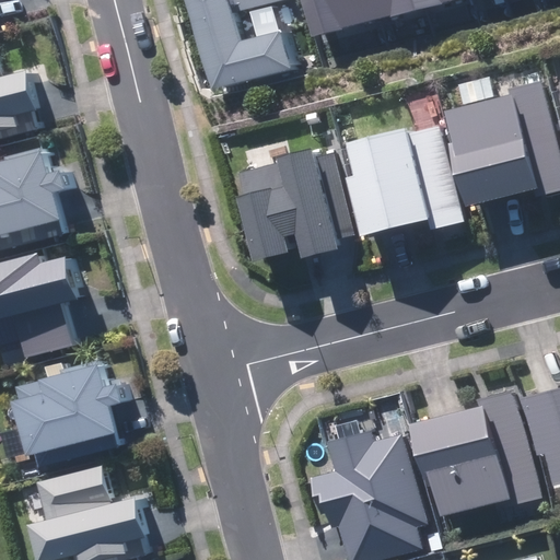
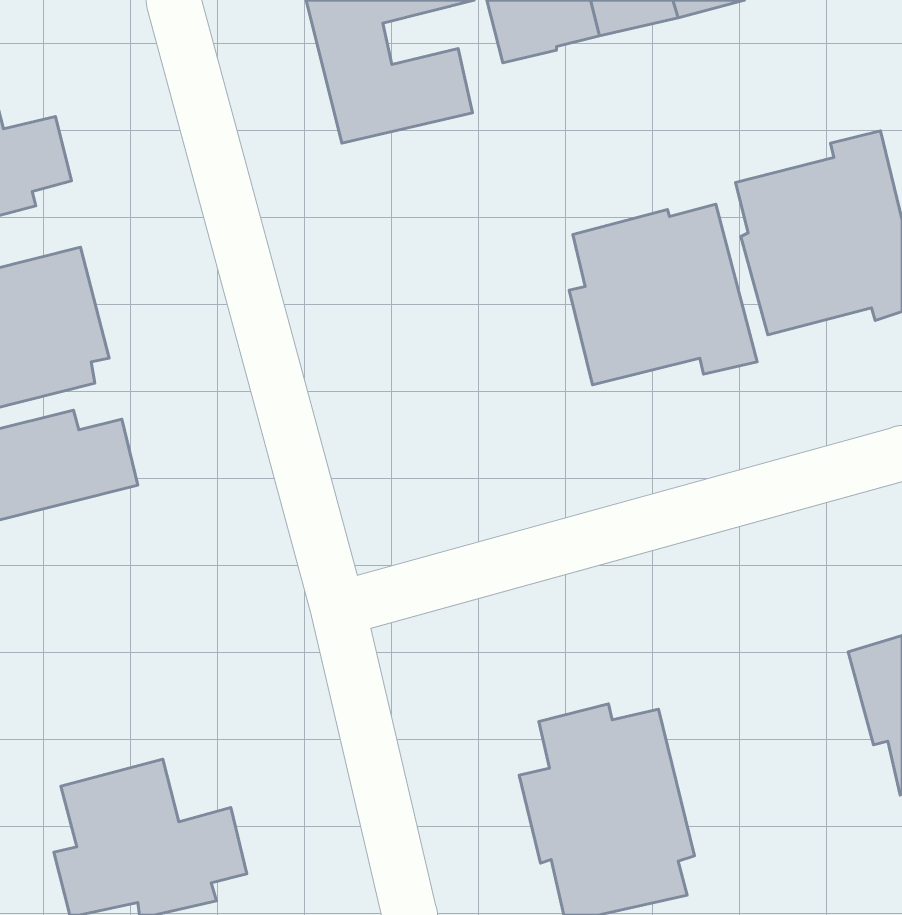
building: [235,149,350,261] -> none
building: [16,310,73,355] -> none
building: [18,363,120,465] -> none
building: [411,390,535,515] -> none

